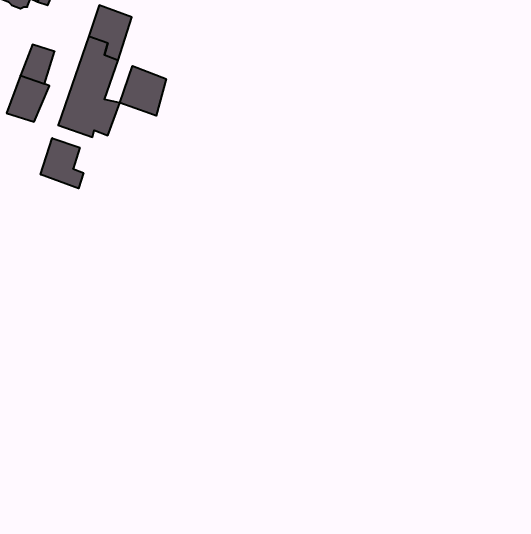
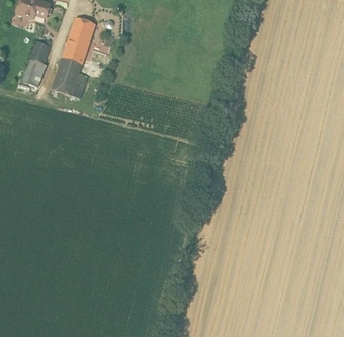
building: [120,66,166,116] -> none
building: [41,138,83,188] -> none

